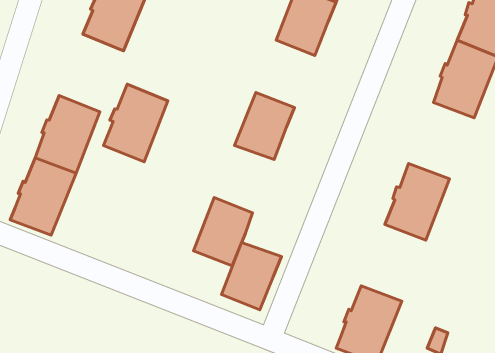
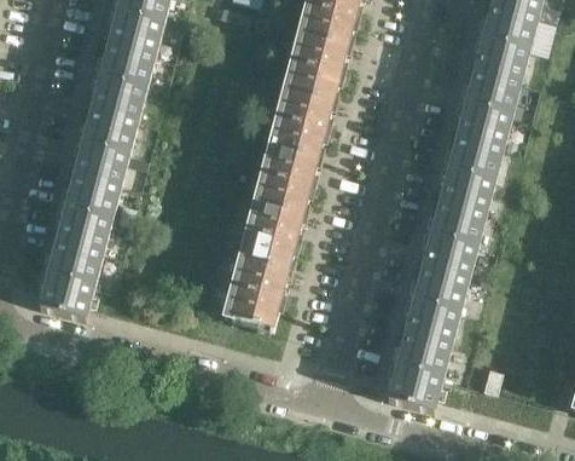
building: none -> [275,90,331,156]
building: [103,84,168,162] -> [75,106,135,184]
building: none -> [440,134,501,211]
building: none -> [406,265,466,341]
building: [221,242,281,310] -> [245,202,302,269]

